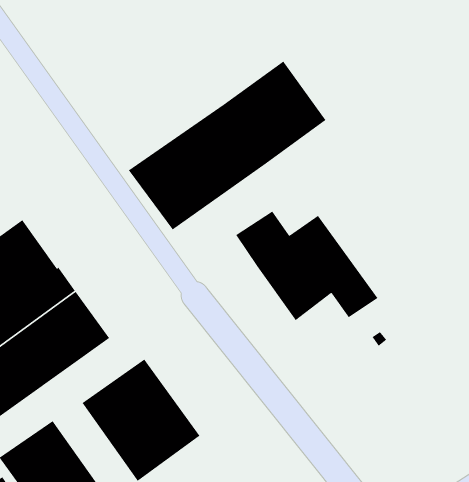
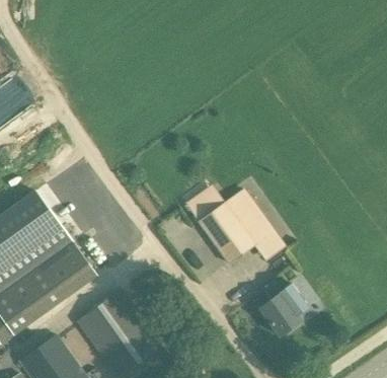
building: [128,60,327,231] -> none
building: none -> [258,281,310,336]

